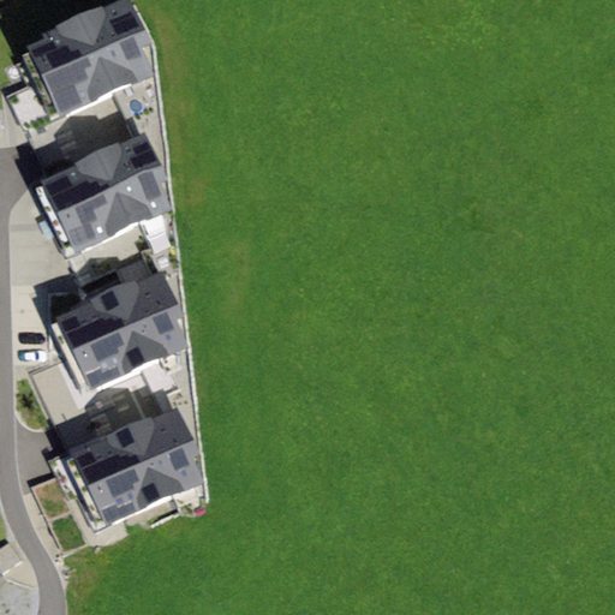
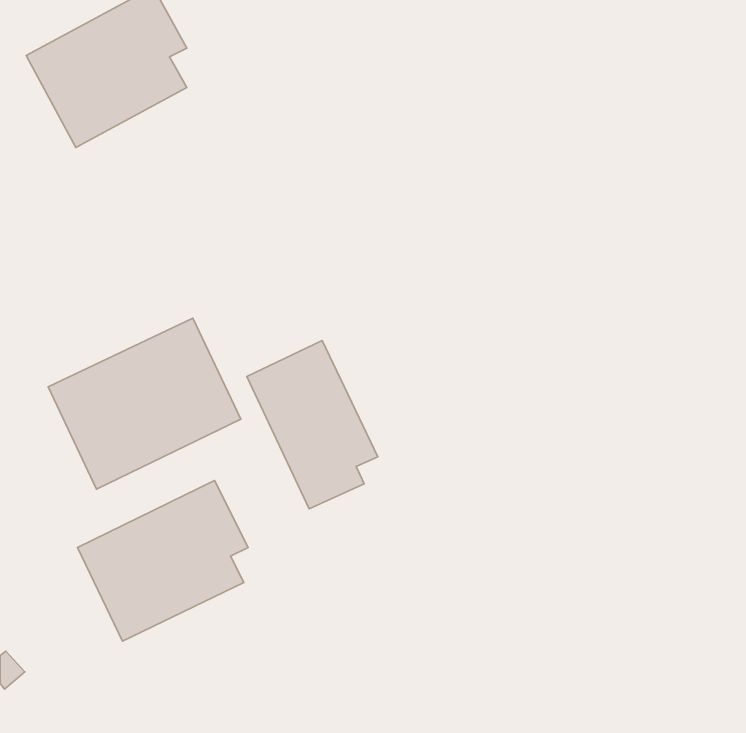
building: [38,130,171,255] -> none
building: none -> [247,341,378,509]

